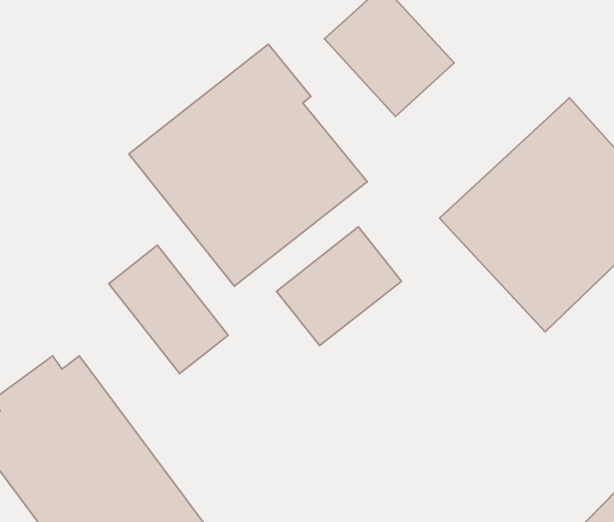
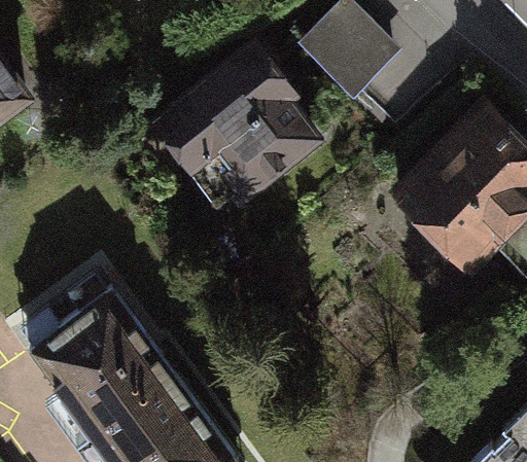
building: [276,227,401,346] -> none
building: [109,245,228,374] -> none

